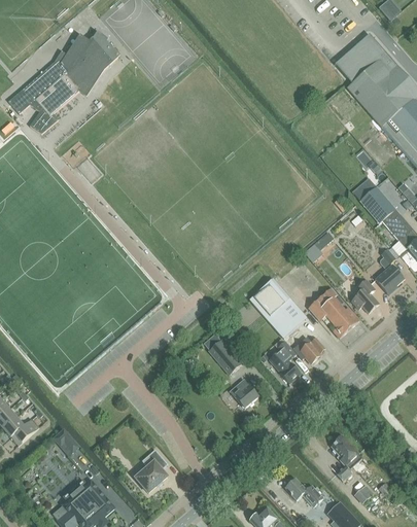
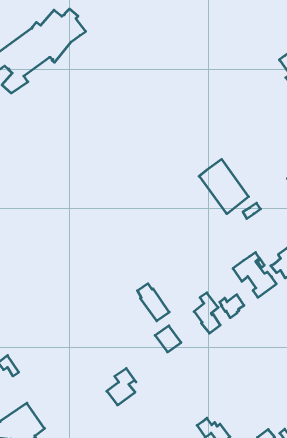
building: [249,278,307,339] -> [199,159,249,214]
building: [332,435,360,481] -> none
building: [135,450,167,492] -> [107,368,136,405]

